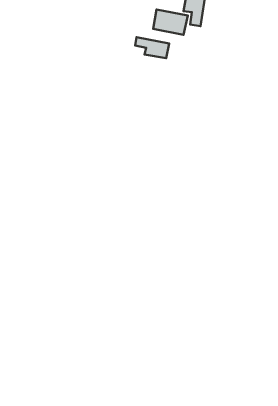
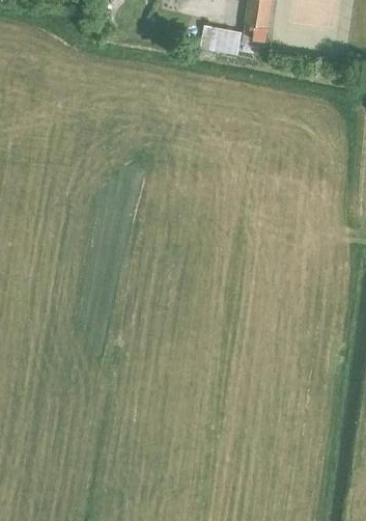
building: [135,37,169,58] -> none

